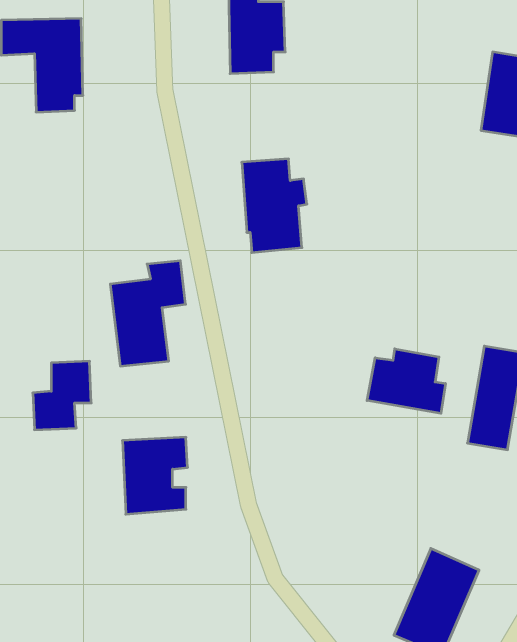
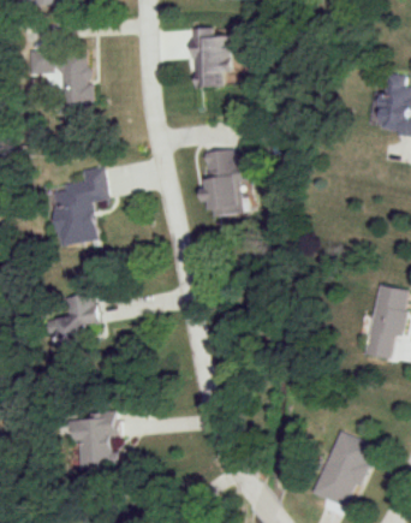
building: [110,261,186,366] -> [53,167,107,243]
building: [367,349,445,413] -> none
building: [122,437,188,514] -> [72,415,119,470]

